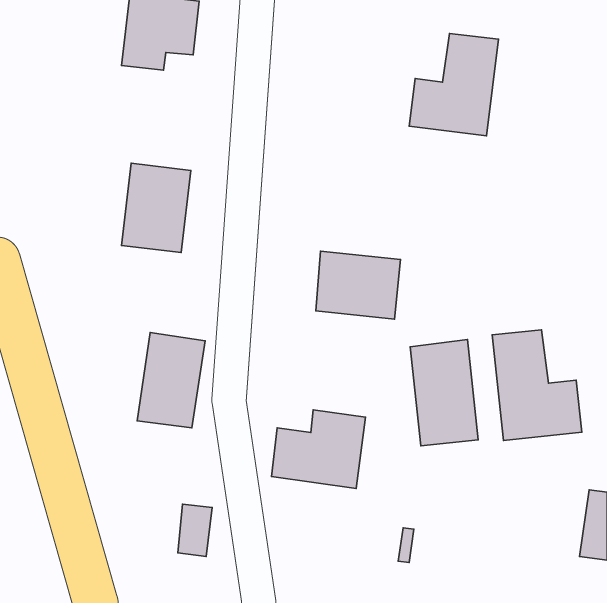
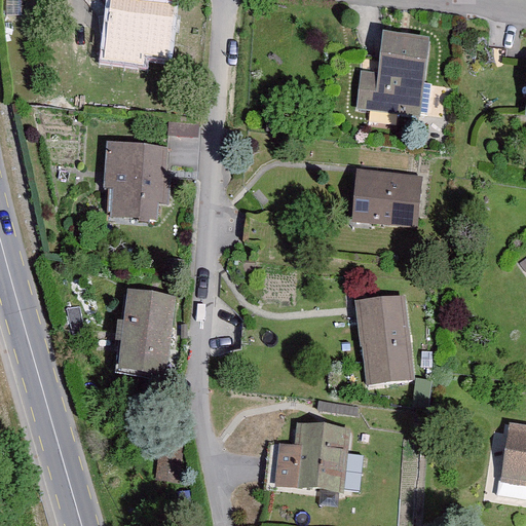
building: [316,251,400,319] -> [350,168,423,227]
building: [492,330,582,441] -> none
building: [271,410,366,489] -> [266,429,347,497]

